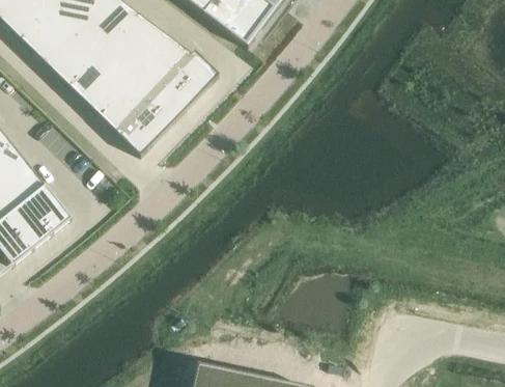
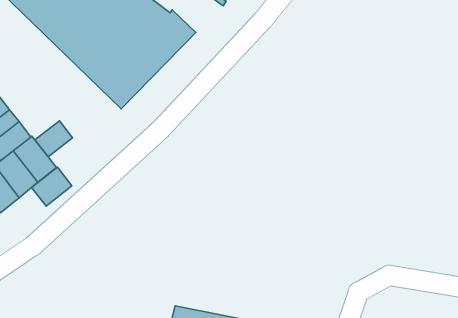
building: none -> [35,121,73,157]
building: none -> [32,167,72,206]

